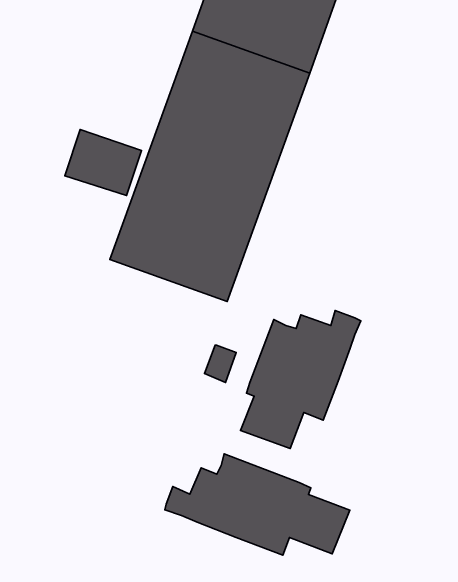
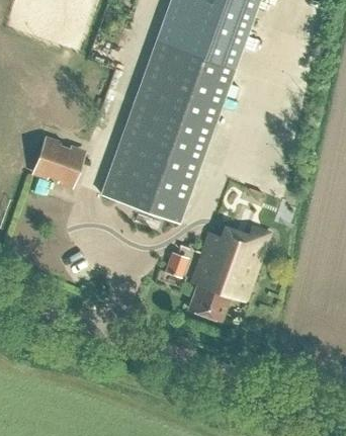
building: [65,129,142,195] -> [33,140,85,184]
building: [165,454,350,555] -> none

